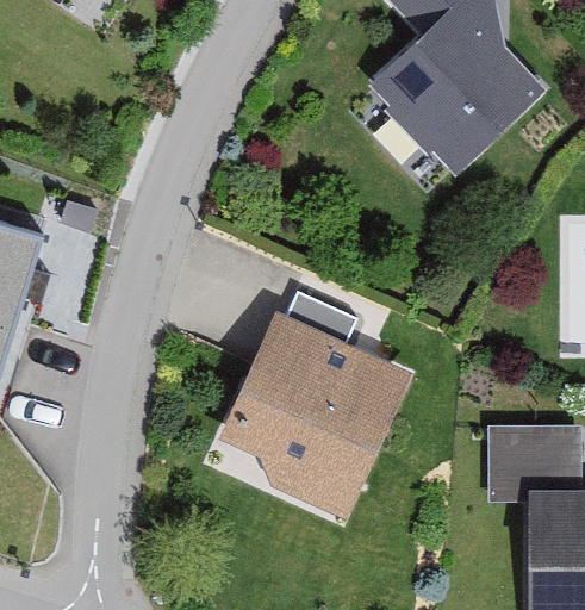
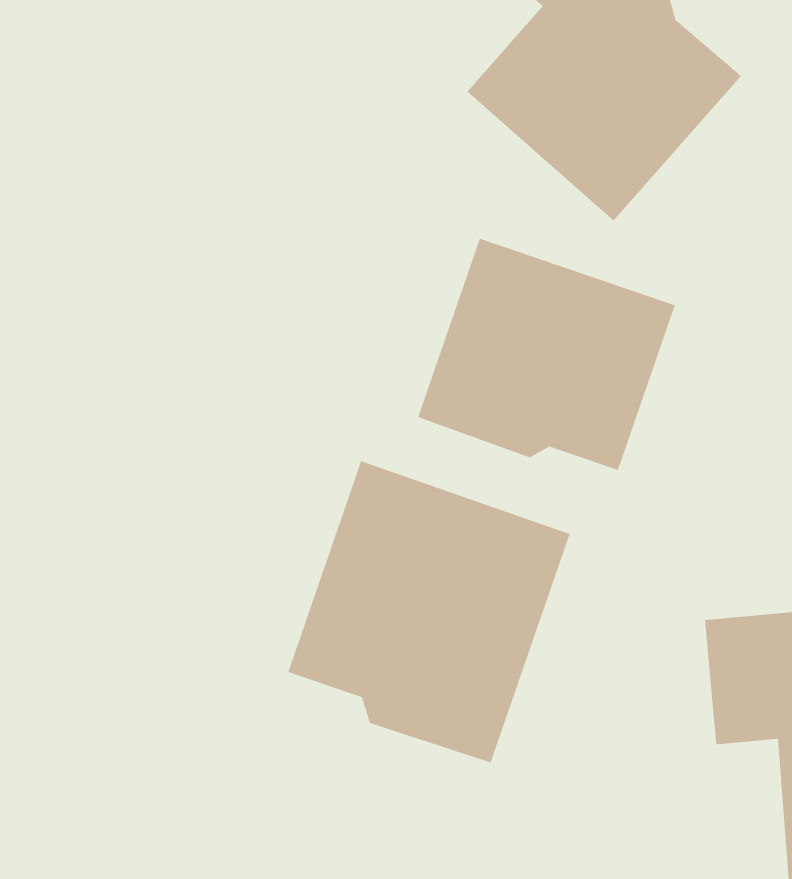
building: none -> [417,238,676,471]

